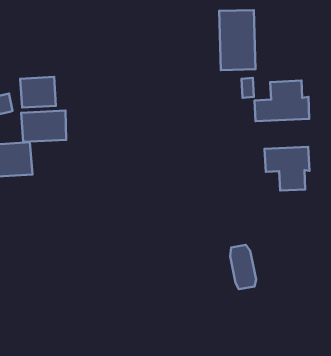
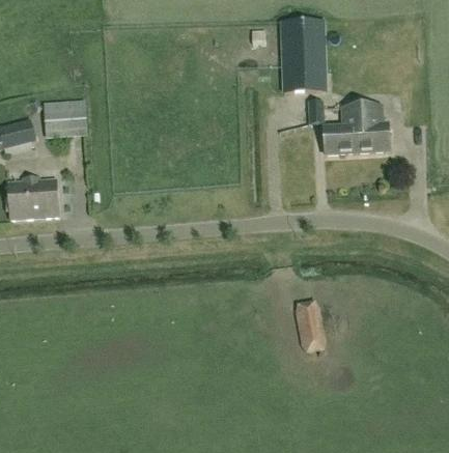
building: [21,111,66,142] -> none
building: [265,147,309,190] -> none

